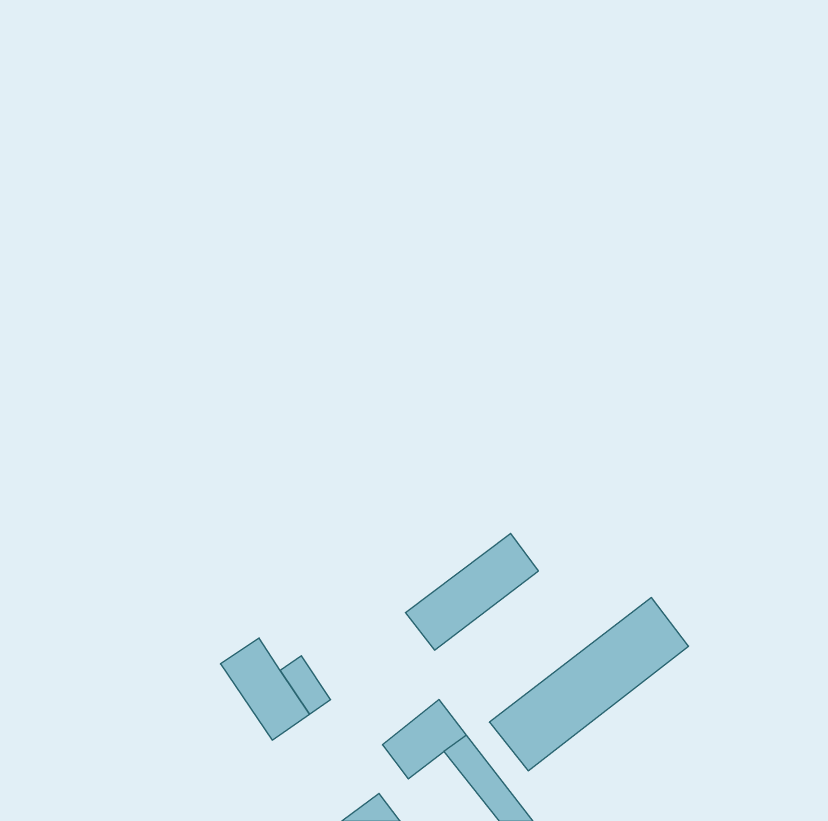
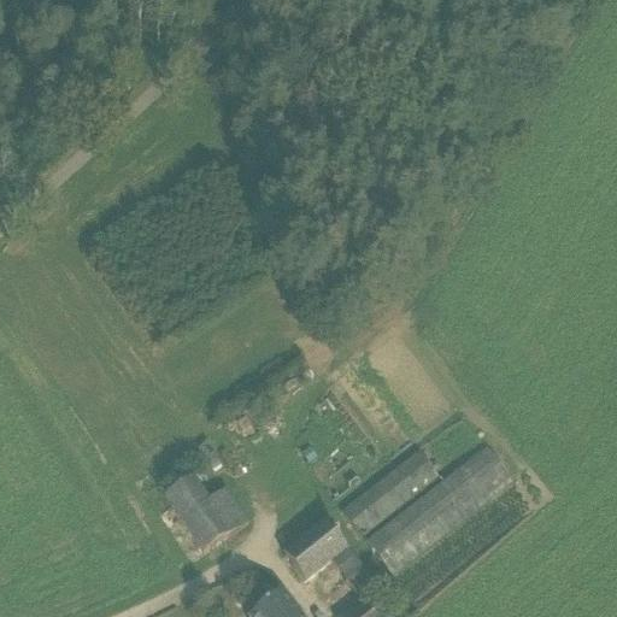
building: [405,533,538,650] -> [340,448,439,535]

